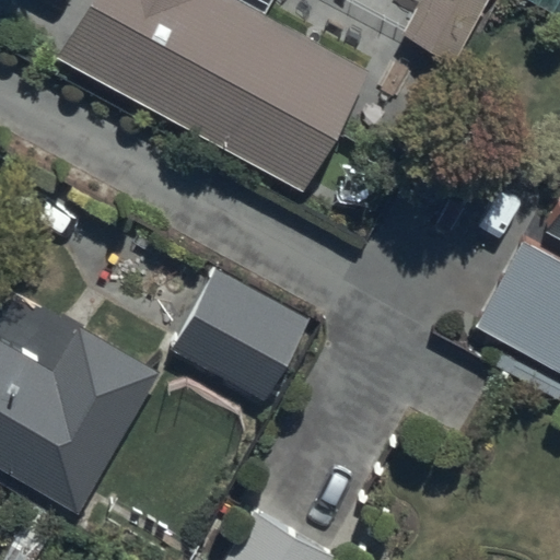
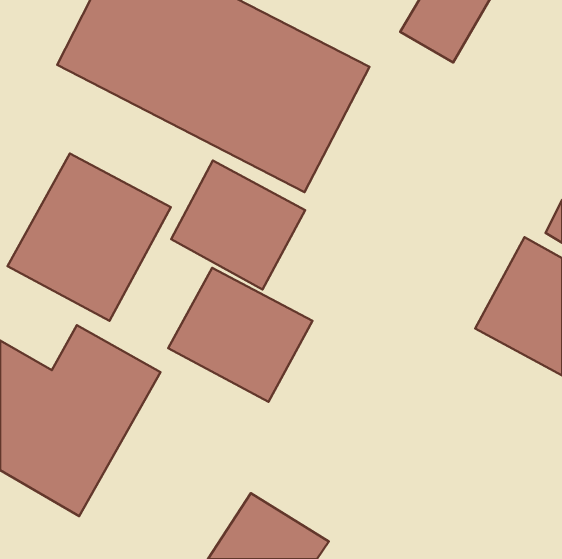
building: none -> [8,153,171,321]
building: none -> [171,160,305,289]

